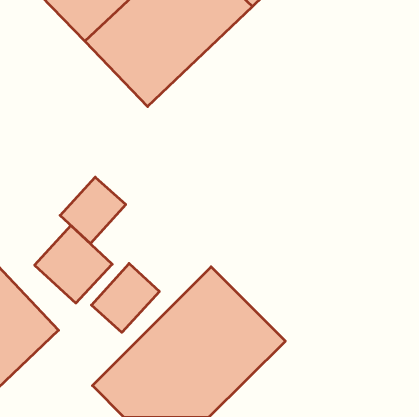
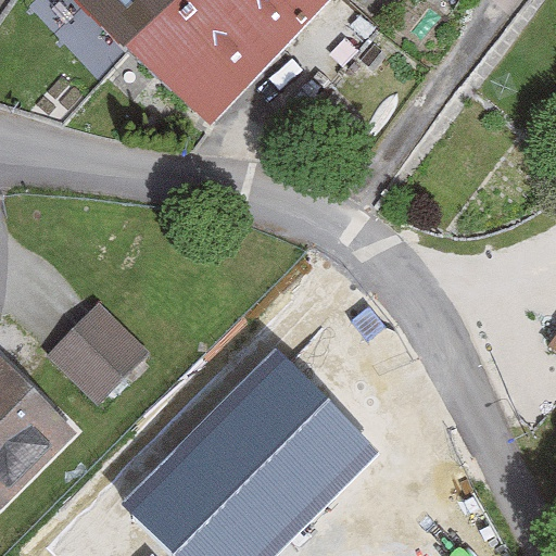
building: [60,177,126,244] -> none
building: [91,263,159,332] -> none

